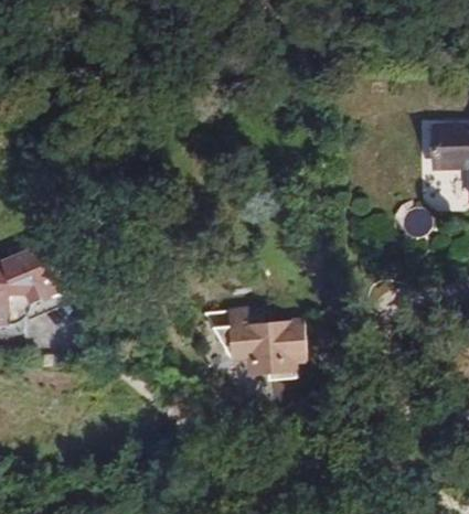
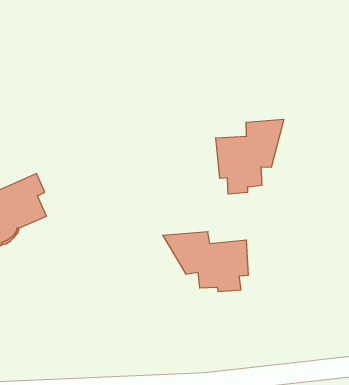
building: none -> [216,119,284,194]

